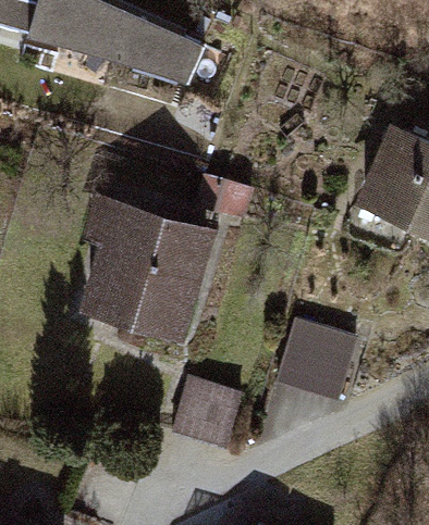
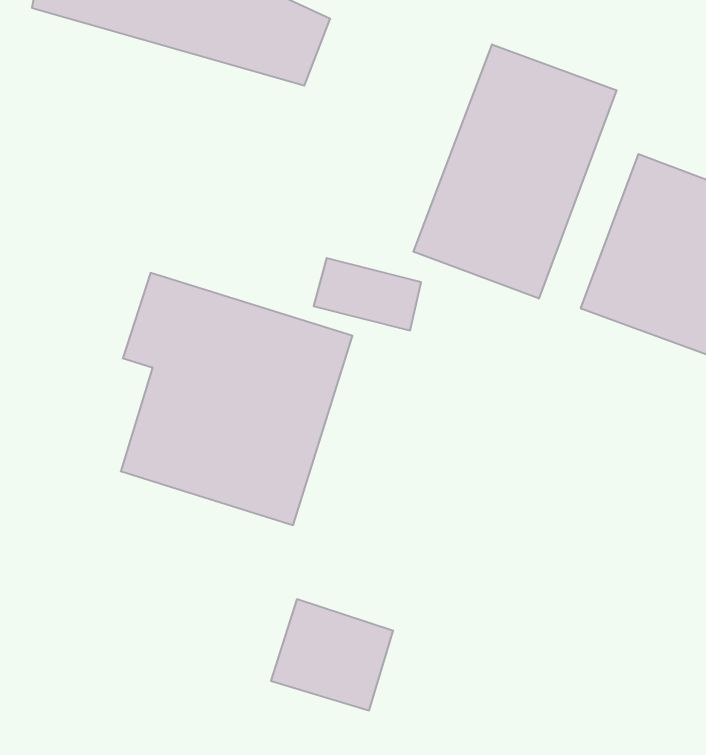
building: none -> [413,44,616,299]
building: [280,328,360,407] -> none

